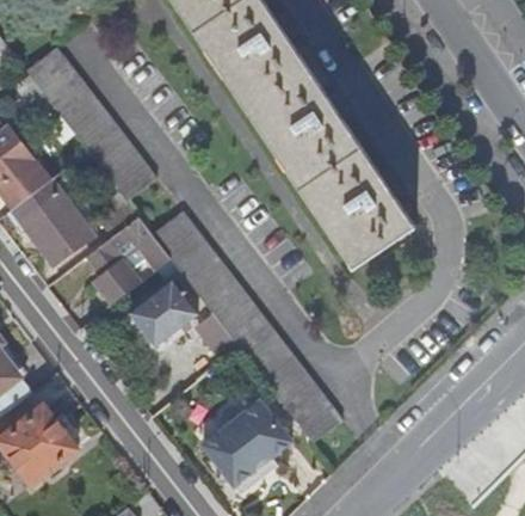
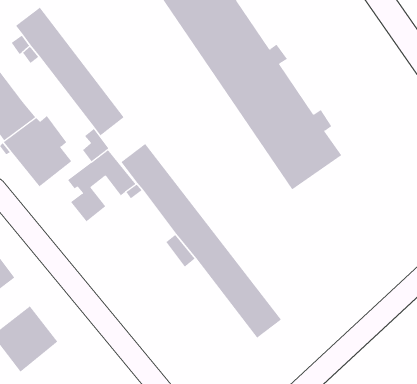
building: [129,281,197,345] -> none
building: [202,400,291,485] -> none

